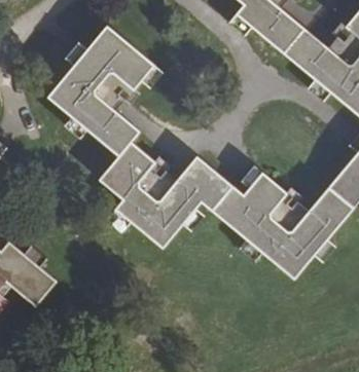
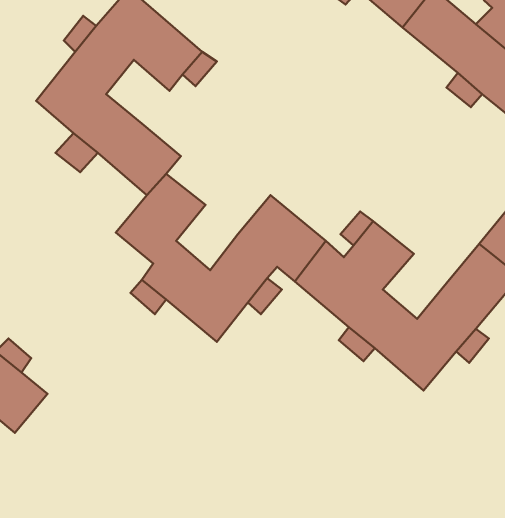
building: [93,70,138,110] -> none
building: [137,157,176,202] -> none
building: [267,188,308,233] -> none

